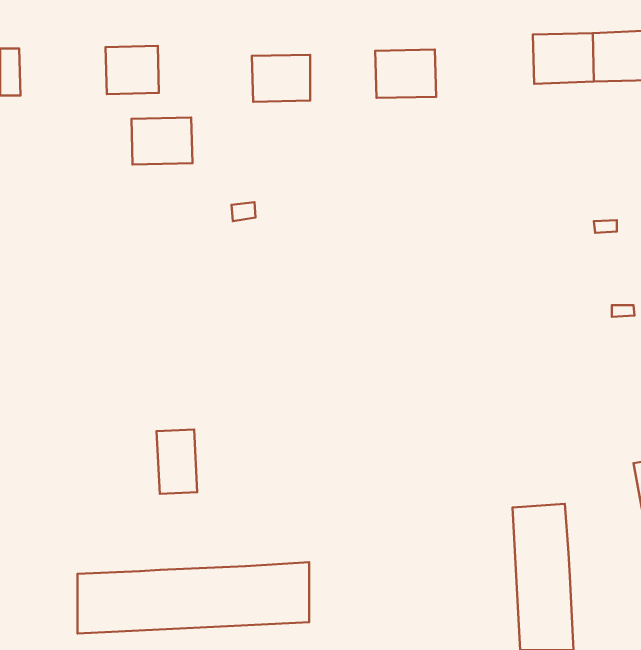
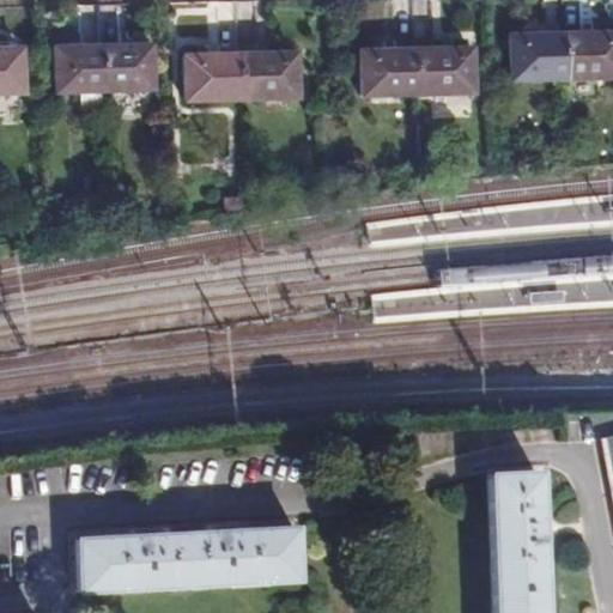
building: none -> [60,44,109,90]
building: none -> [418,47,472,91]
building: [131,118,192,165] -> [189,53,247,97]
building: [157,429,197,494] -> none

